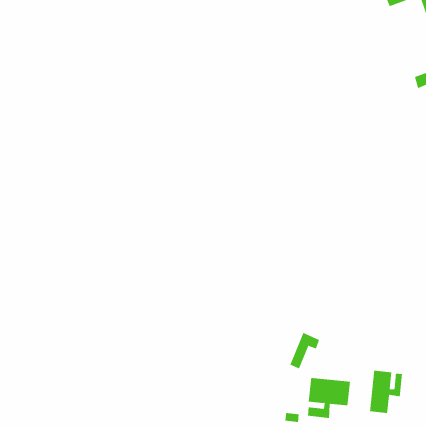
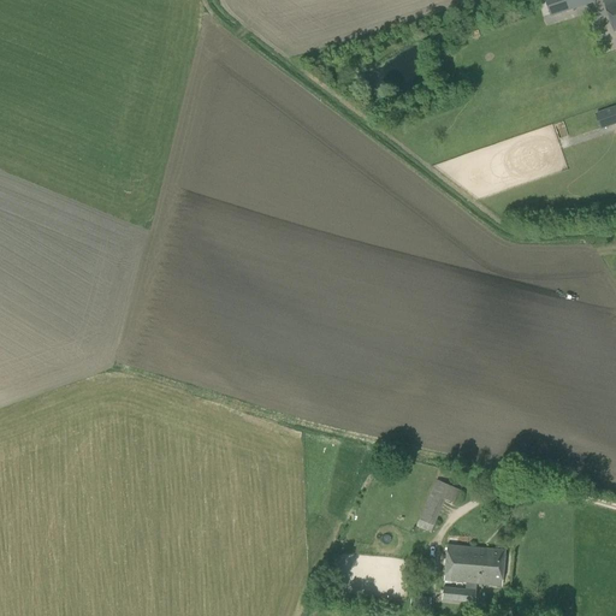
building: [369,370,403,414] -> none

